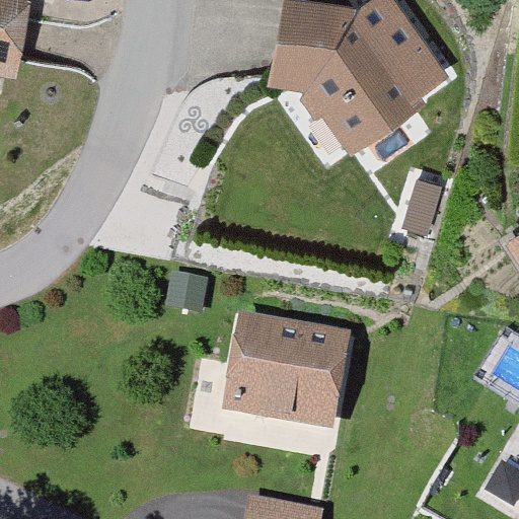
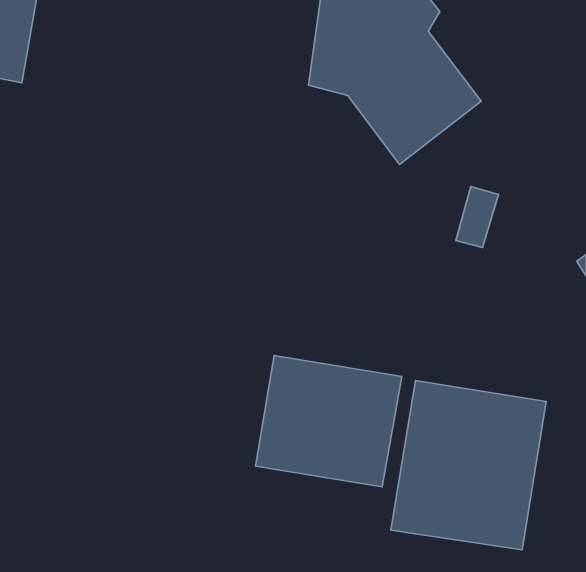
building: none -> [391,381,546,550]

